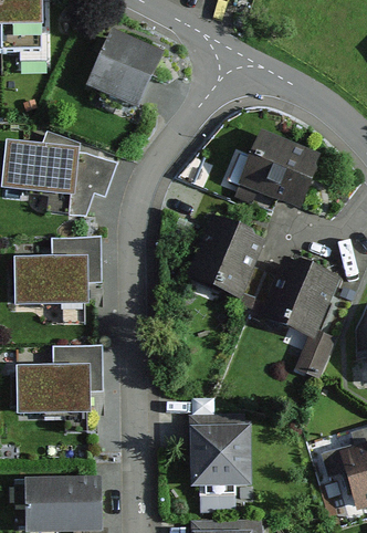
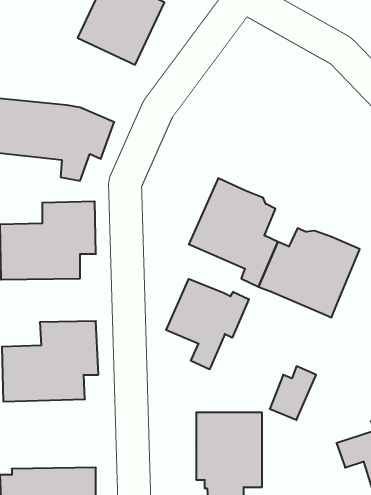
building: [235,128,321,207] -> none
building: none -> [166,279,249,369]
building: [294,327,336,376] -> [270,366,316,420]

